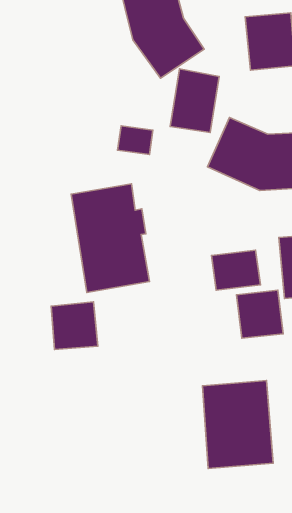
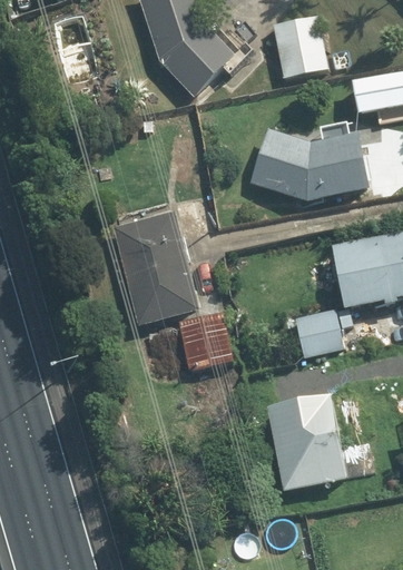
building: [170,69,219,132] -> none
building: [212,250,260,290] -> none
building: [51,302,98,349] -> [180,312,233,365]

